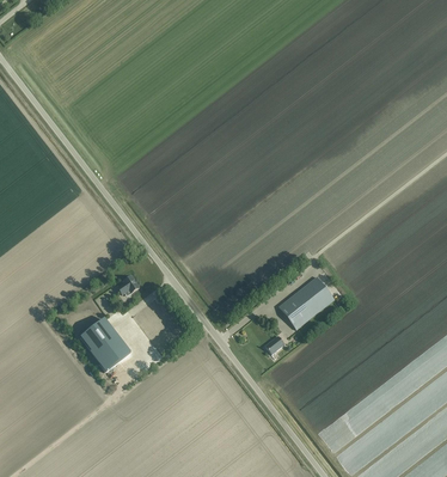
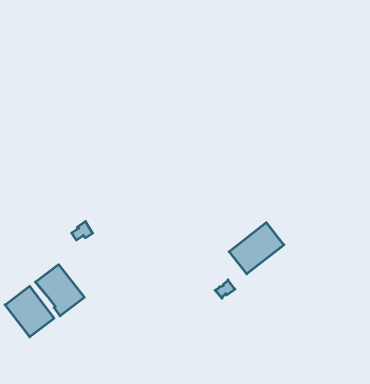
building: none -> [5,286,54,337]

